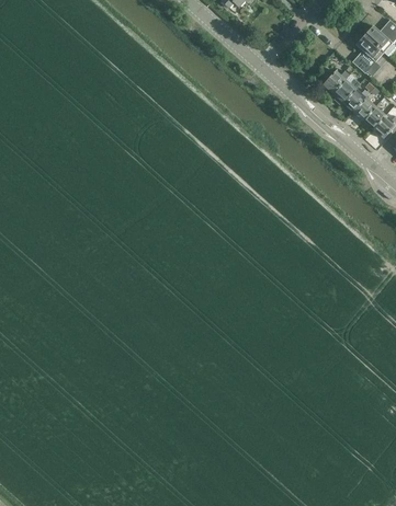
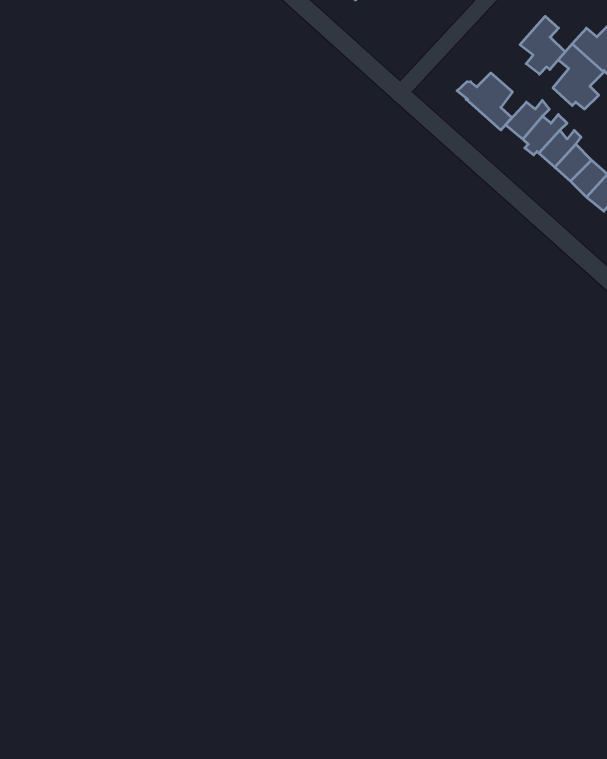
building: none -> [520,16,565,74]
building: none -> [457,73,512,130]

